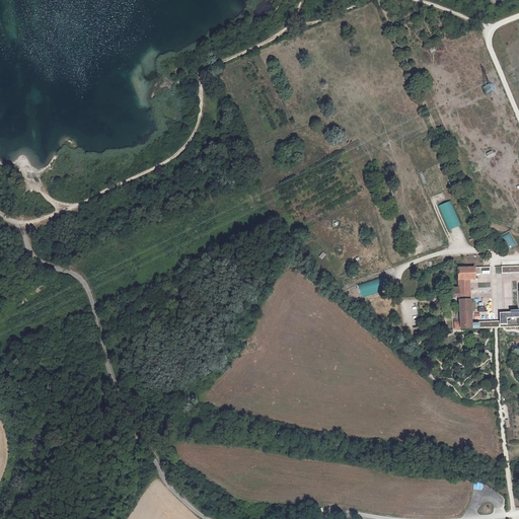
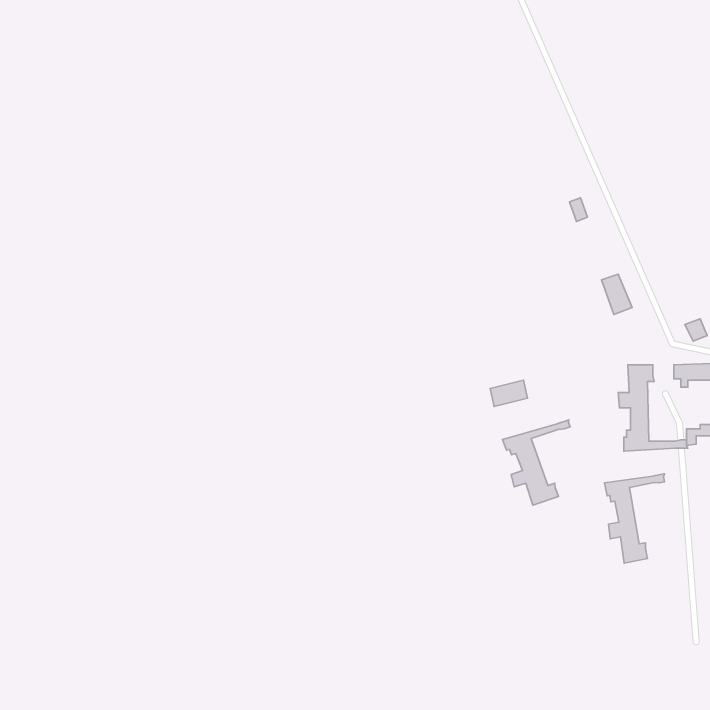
building: none -> [502,420,570,505]
building: none -> [605,474,665,563]

